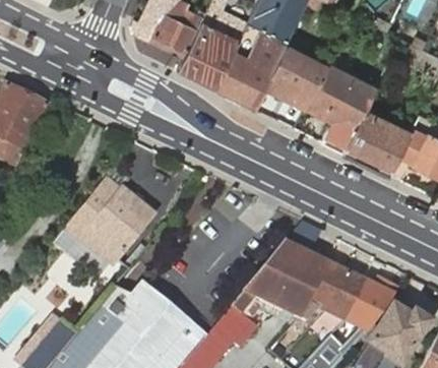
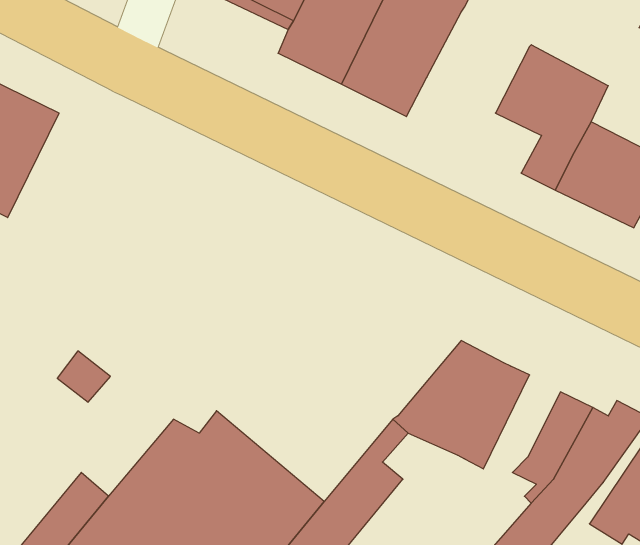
building: [265,46,329,106] -> none
building: [64,179,152,264] -> none
building: [299,261,345,320] -> none

